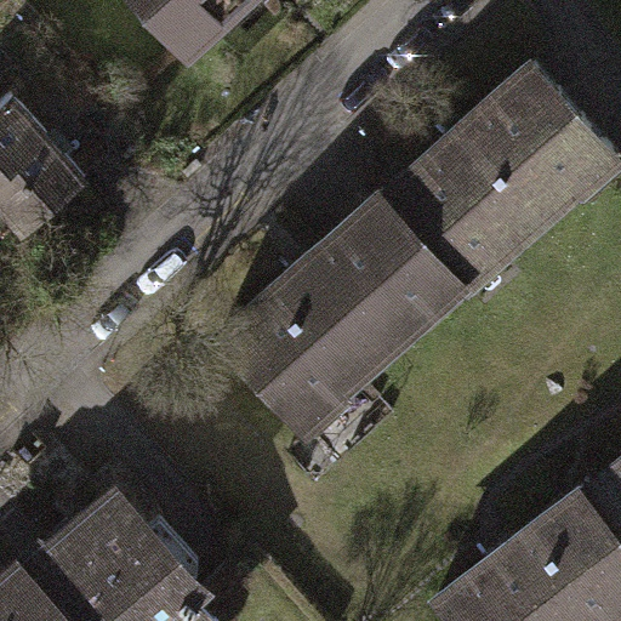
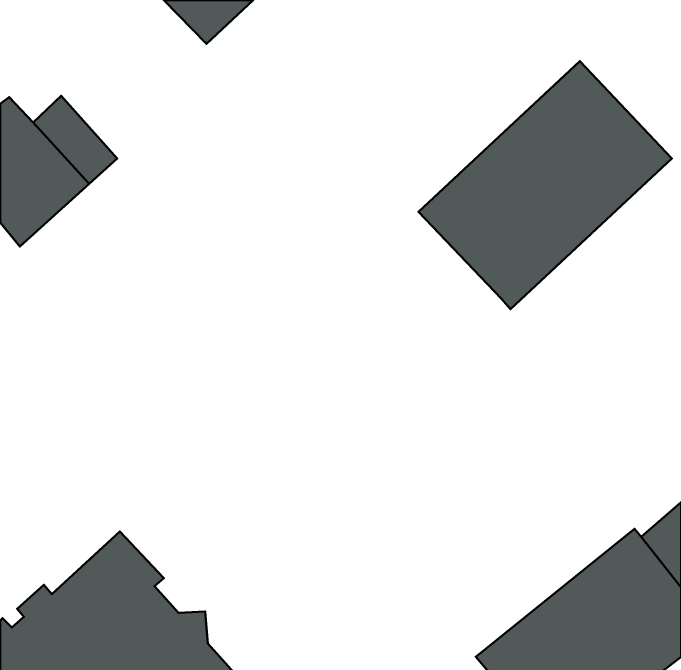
building: [216,195,456,435] -> none

